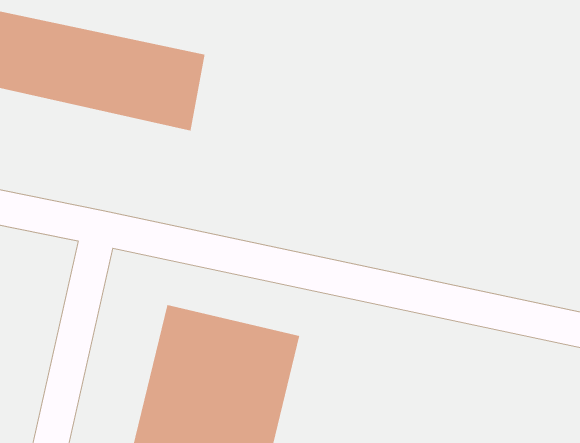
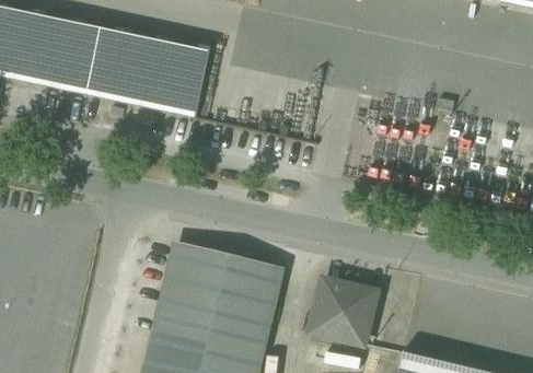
building: none -> [313,279,376,342]

